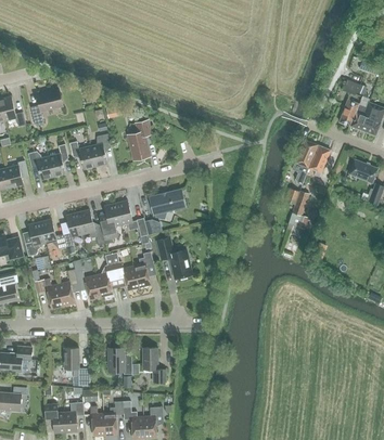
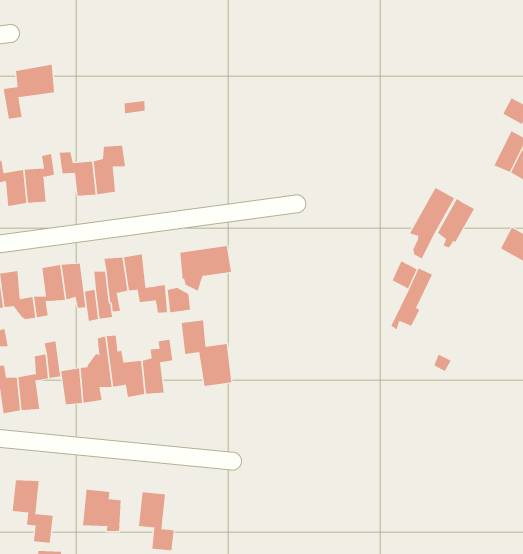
building: [127,120,150,157] -> none

